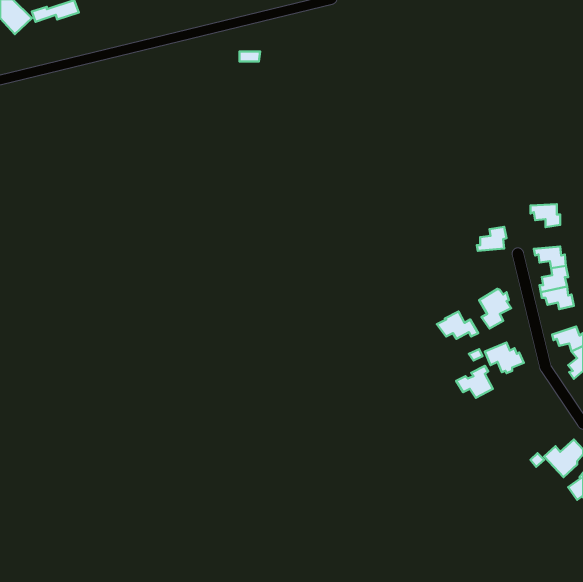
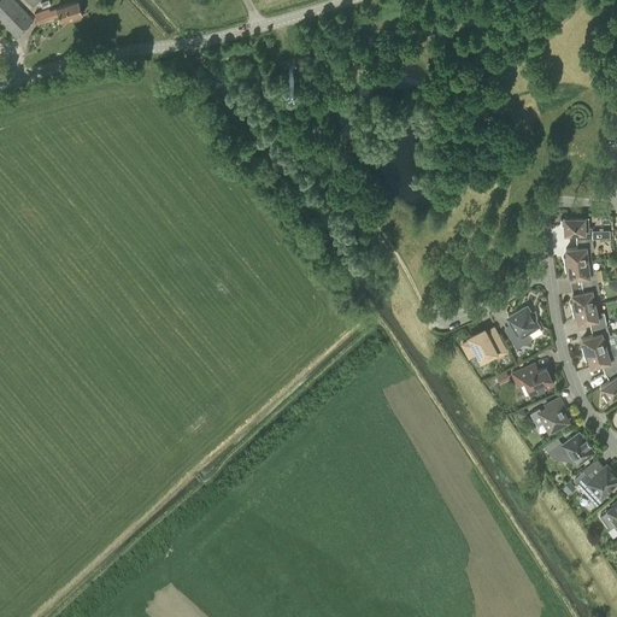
building: [477,227,506,251] -> [563,237,594,263]
building: none -> [581,323,610,353]
building: [456,366,493,398] -> [529,396,568,430]
building: none -> [543,430,594,464]

